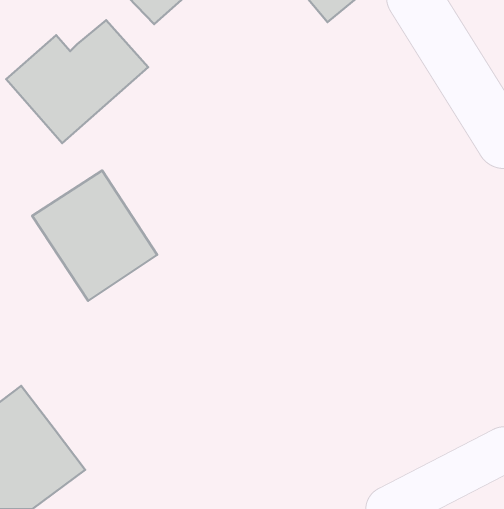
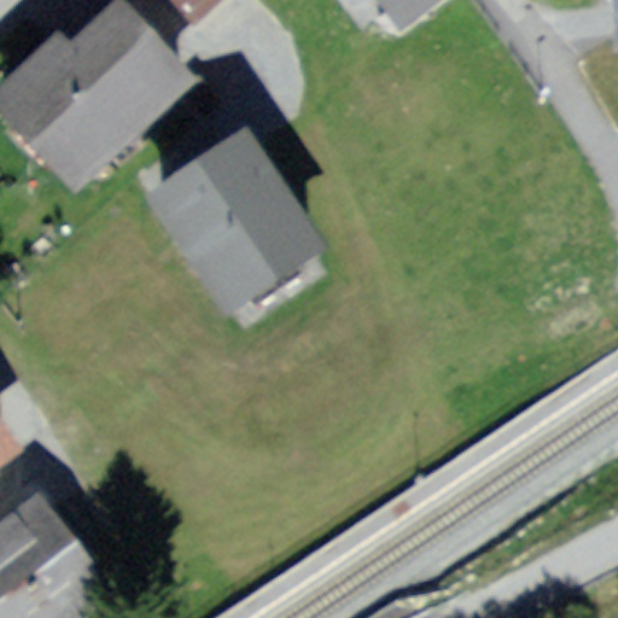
building: [32,171,157,301] -> [151,146,302,303]

